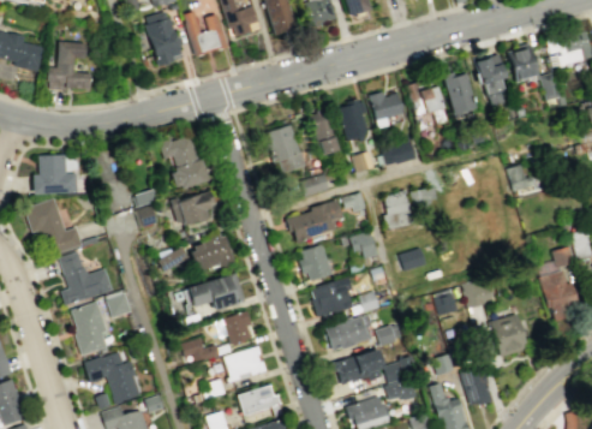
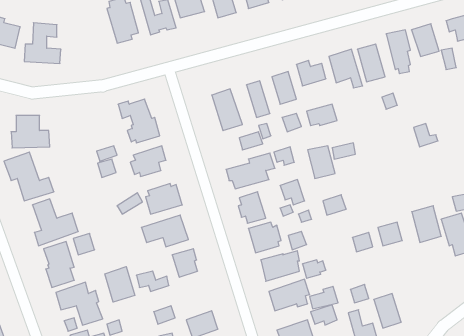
building: [492,314,527,357] -> [412,206,441,242]
building: none -> [105,267,135,302]
building: [222,346,265,382] -> none

